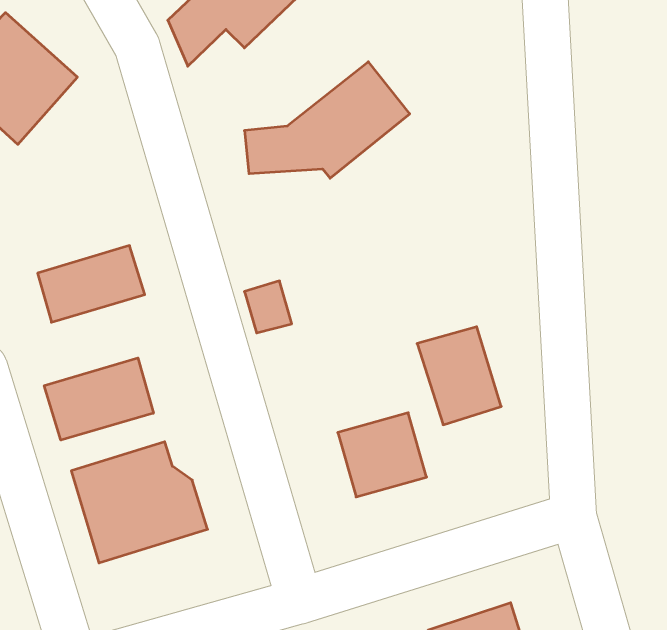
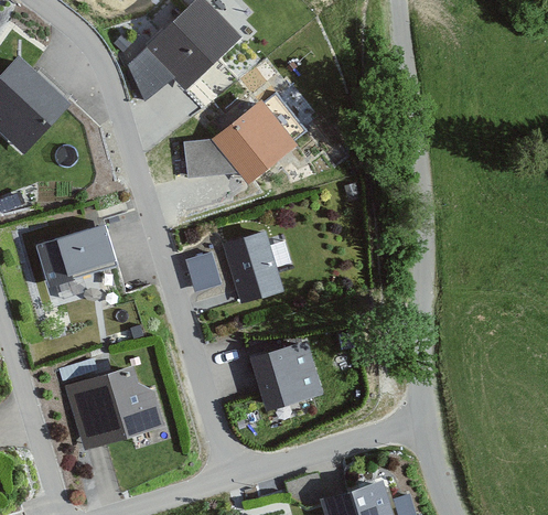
building: [417,327,501,425] -> [221,234,281,304]
building: [44,358,153,440] -> none

